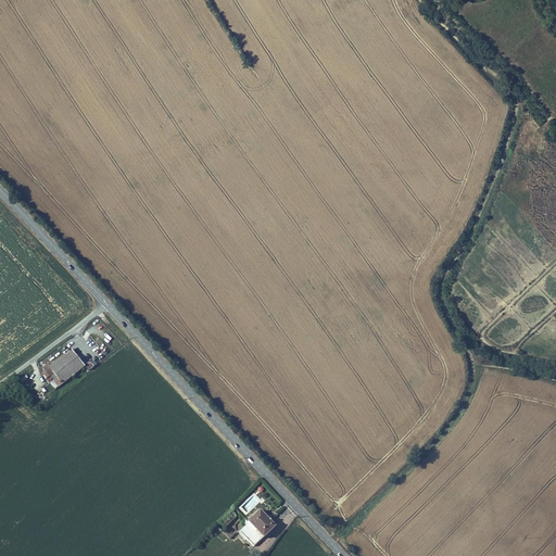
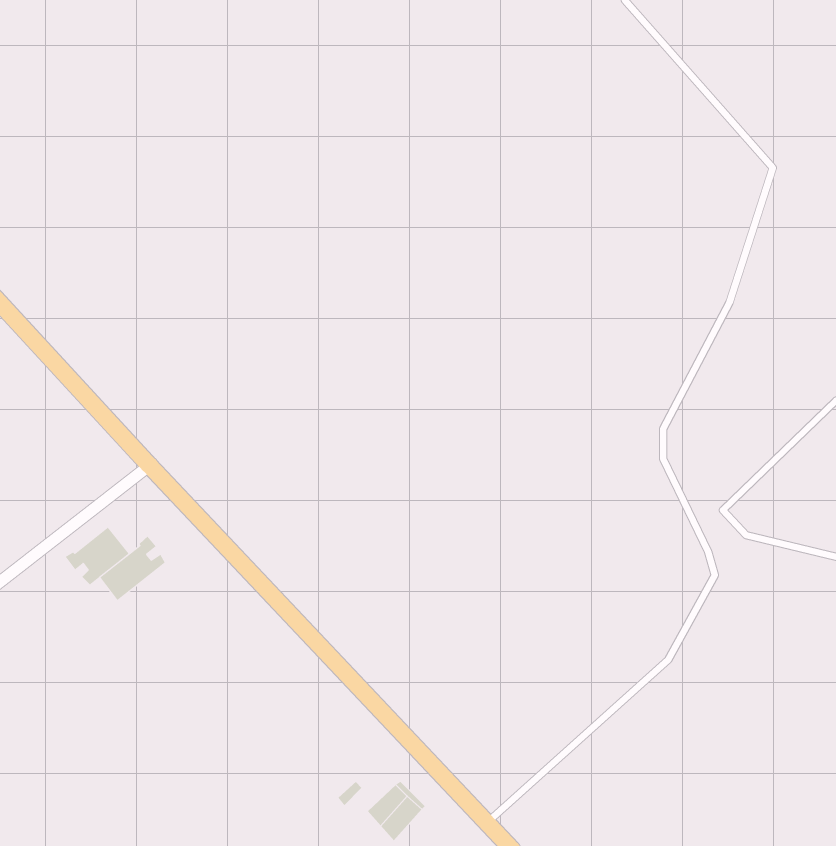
building: none -> [100,536,166,601]

